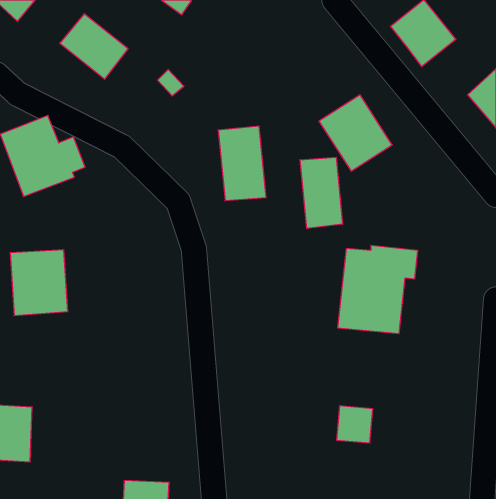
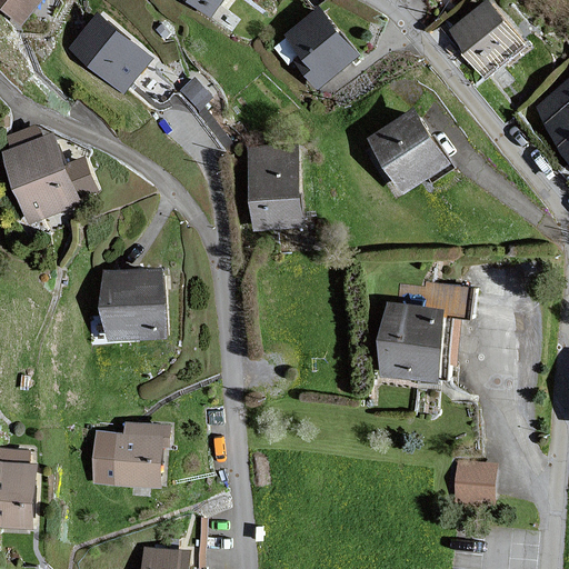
building: none -> [279,8,353,91]
building: [300,157,343,229] -> none
building: [10,250,68,316] -> [102,267,168,341]
building: none -> [92,420,171,487]
building: [337,406,373,443] -> [452,462,493,505]

